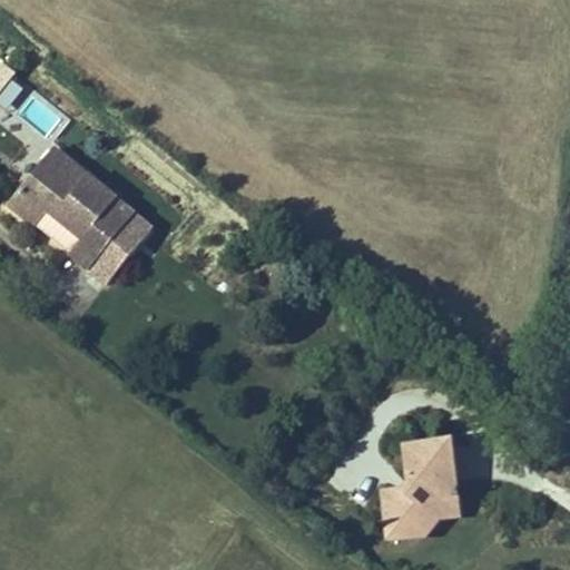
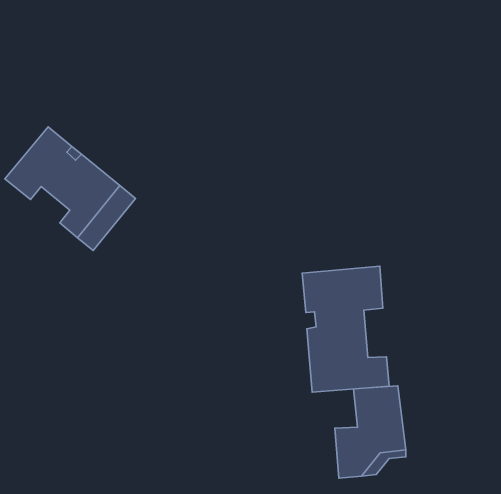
building: none -> [302,266,389,392]

